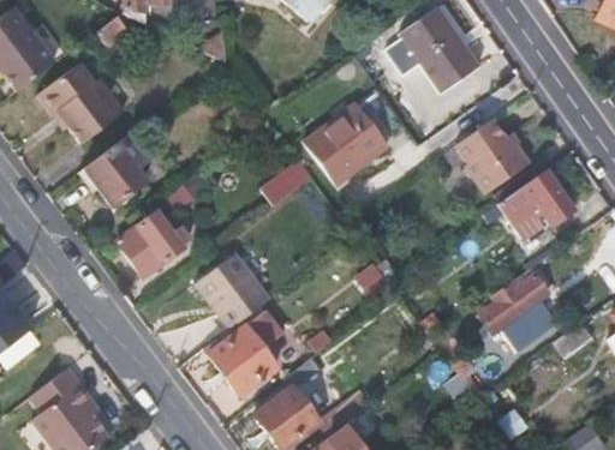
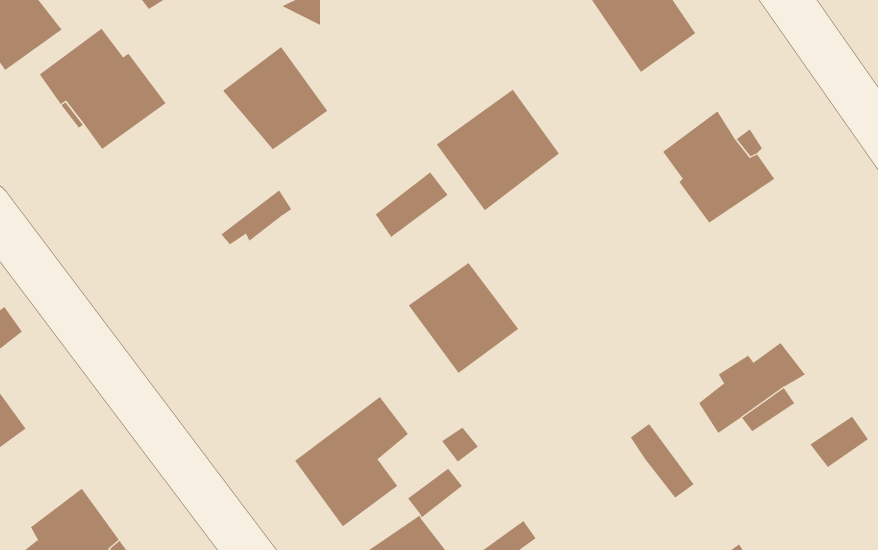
building: [79,139,150,209] -> [222,46,328,150]
building: [497,169,574,226] -> none
building: [119,210,192,277] -> none
building: [197,252,271,326] -> [408,262,519,374]

